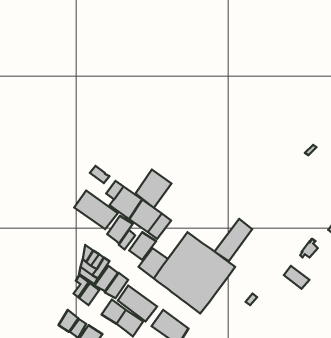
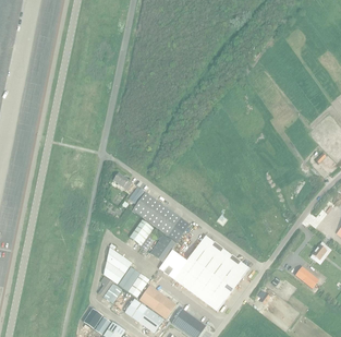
building: [135,170,172,208] -> none
building: [74,190,118,229] -> none
building: [215,219,252,261] -> none

